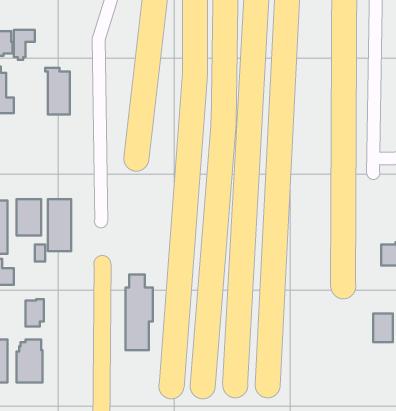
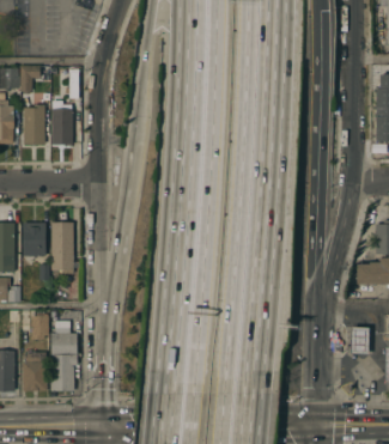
building: none -> [23,105,43,145]
building: [125,275,153,350] -> [50,322,75,391]

